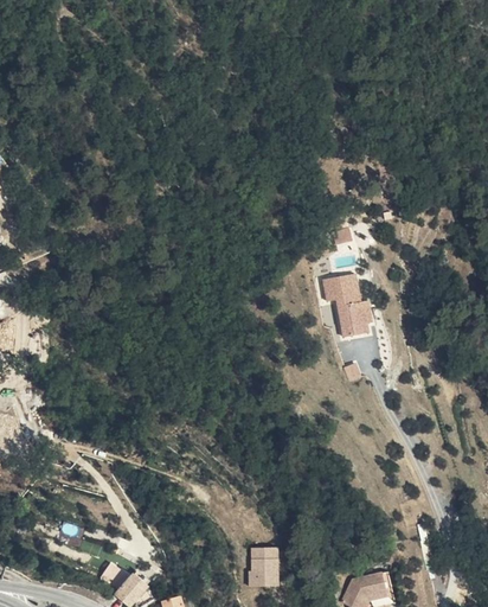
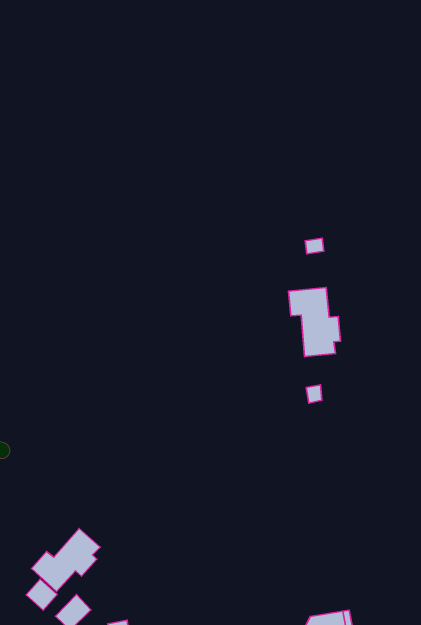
building: none -> [31,528,100,591]
building: [244,545,274,586] -> none

